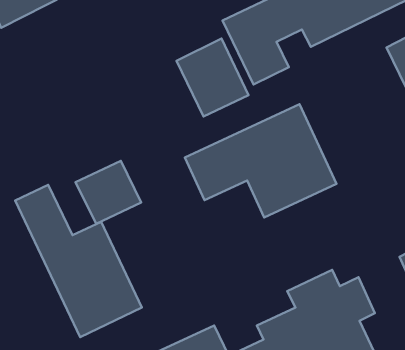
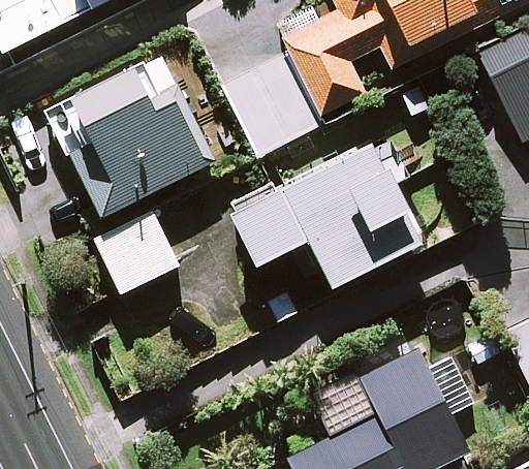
building: none -> [45,64,211,214]
building: [15,185,142,337] -> none

